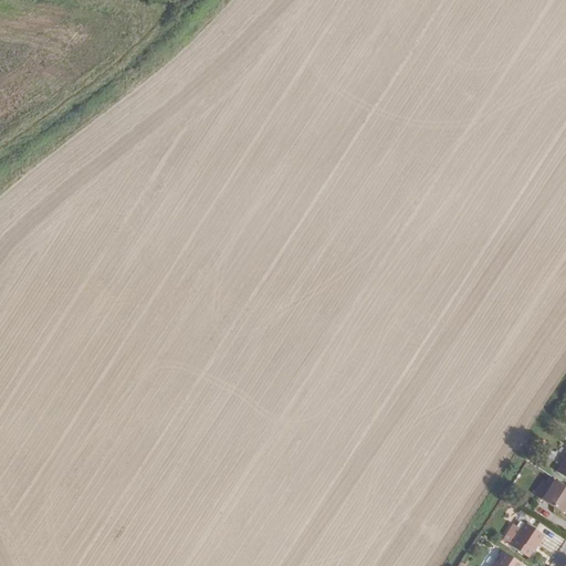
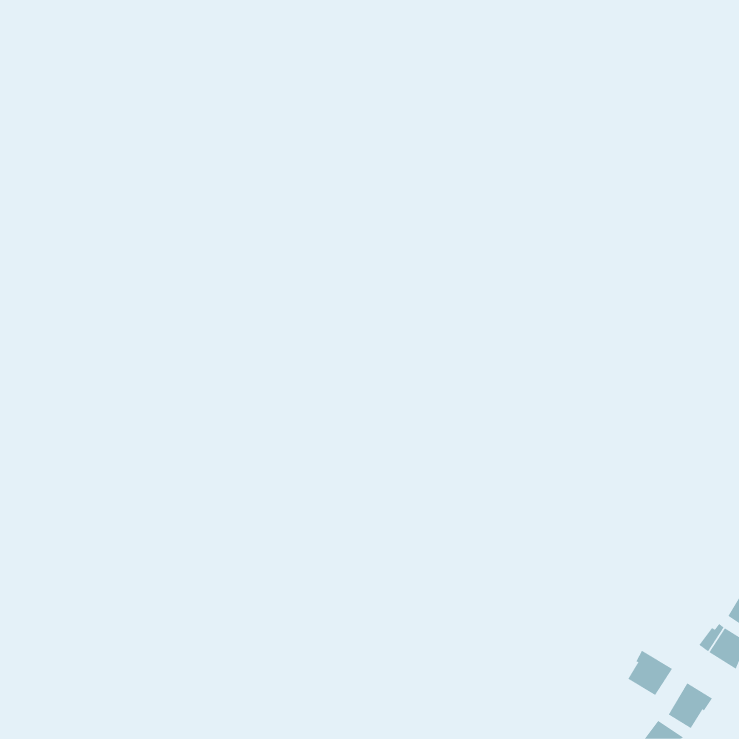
building: none -> [628,650,673,696]

